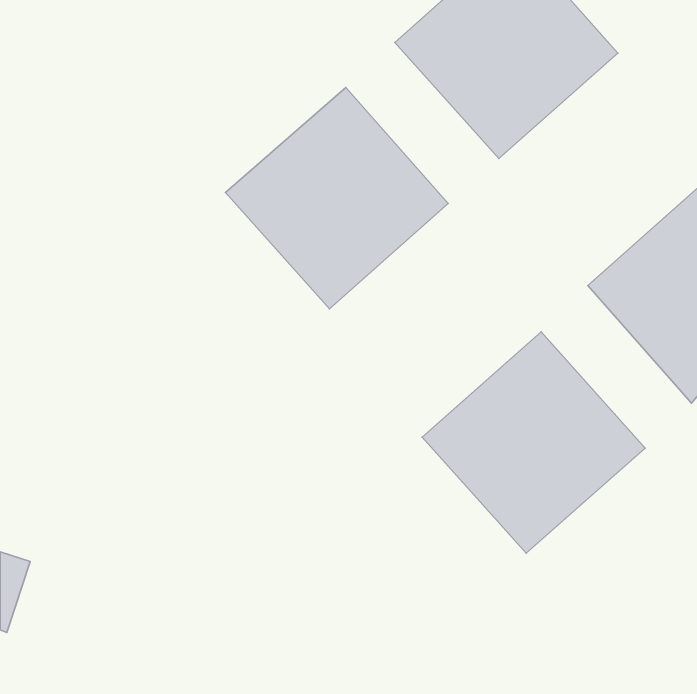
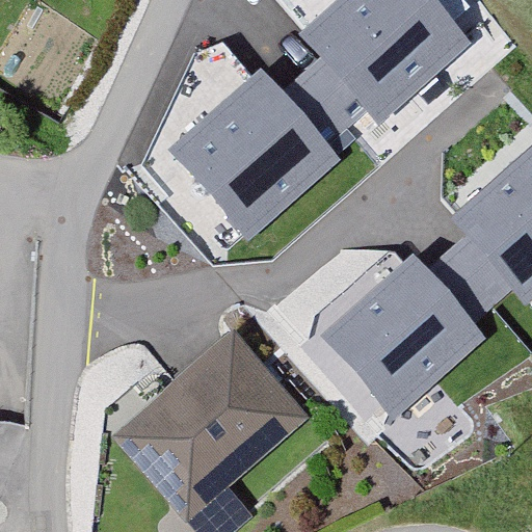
building: none -> [112,337,305,524]

